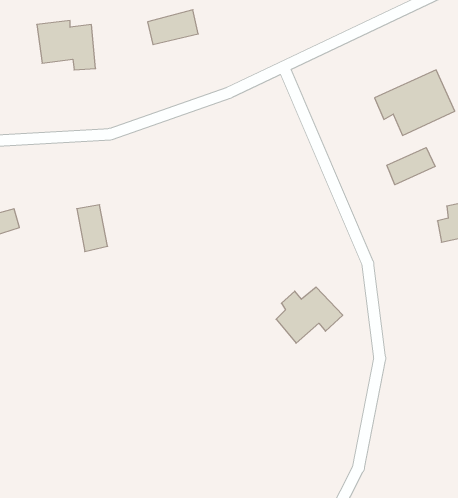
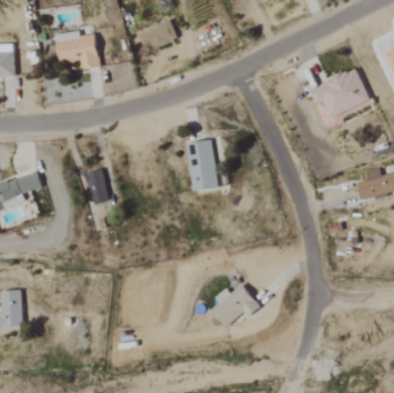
building: [387,148,435,185] -> none
building: none -> [185,139,219,191]
building: [276,287,343,343] -> [211,284,261,326]

